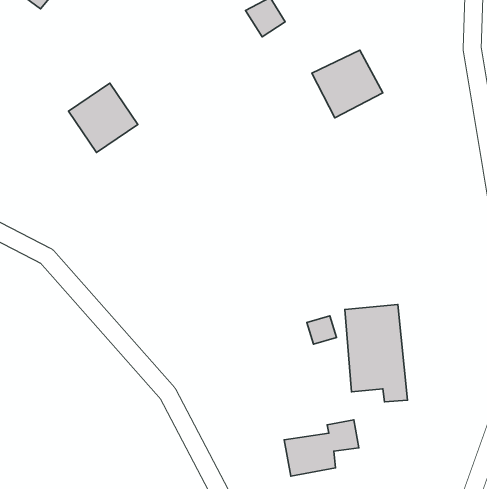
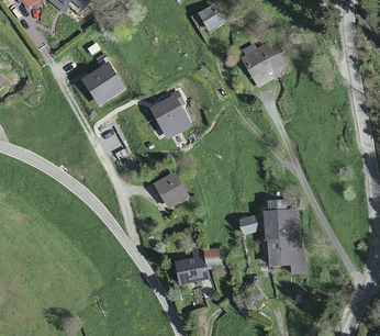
building: none -> [149,90,193,136]
building: none -> [154,171,189,208]
building: [284,420,359,476] -> [175,247,224,284]

